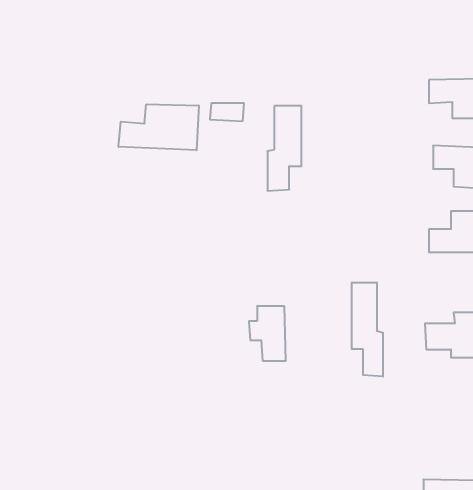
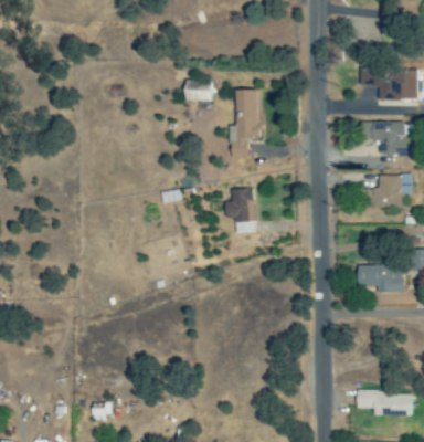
building: [119,104,199,150] -> none
building: [352,282,383,377] -> none
building: [249,306,286,361] -> [225,189,255,233]

